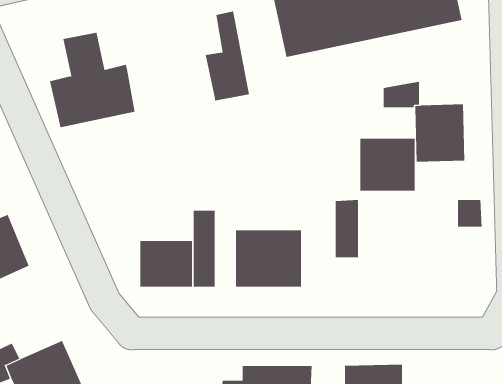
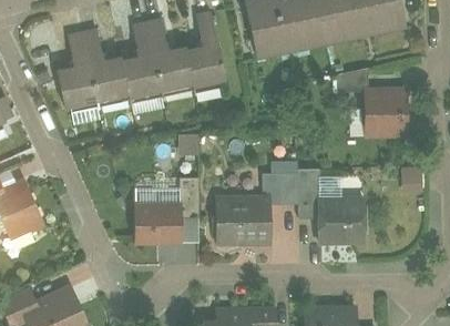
building: none -> [124,17,196,98]
building: [360,138,415,191] -> [317,197,364,242]
building: none -> [263,173,297,204]

